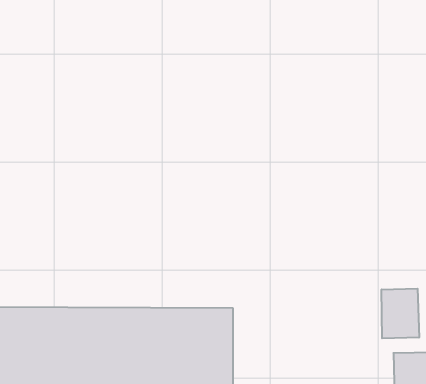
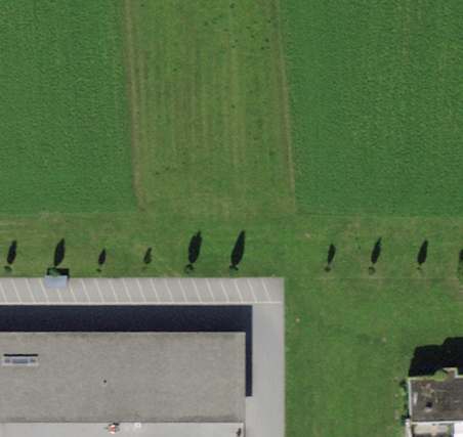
building: [382,289,419,338] -> none

